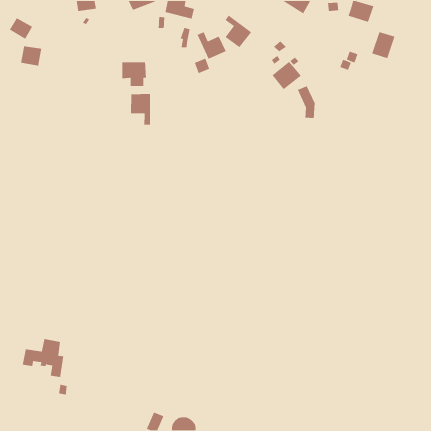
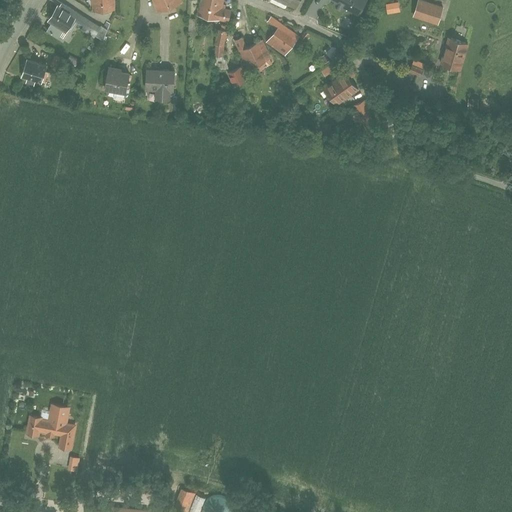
building: [9,17,33,40] -> [49,6,78,33]
building: none -> [104,69,129,98]
building: [130,93,151,126] -> none

